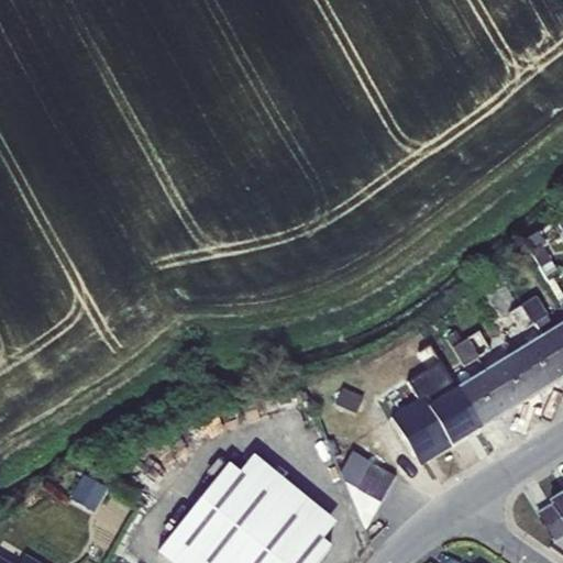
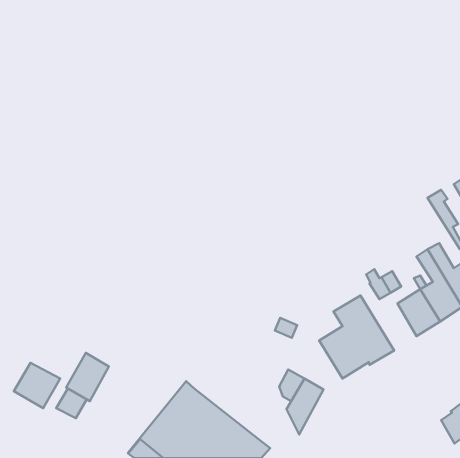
building: [457,369,509,427] -> none
building: none -> [66,353,109,401]
building: none -> [14,363,60,408]
building: [239,455,336,539] -> none

